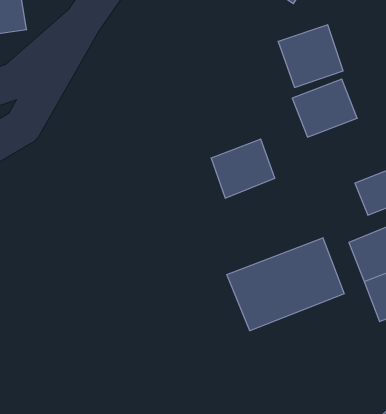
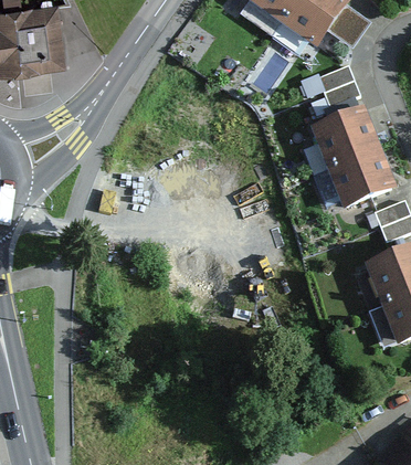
building: [211,139,275,198] -> [329,151,389,207]
building: [227,238,344,331] -> none

